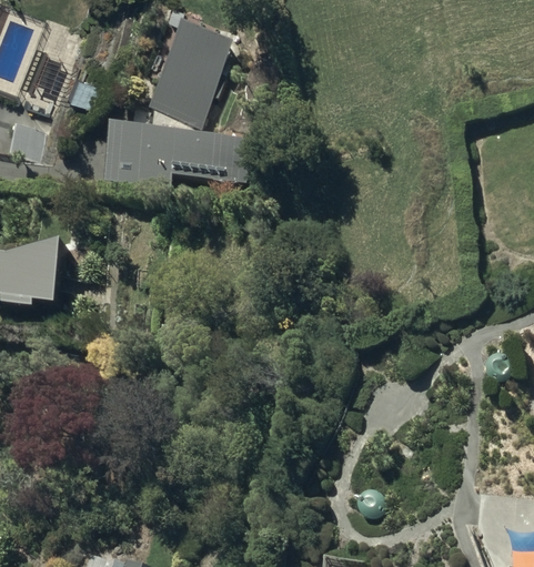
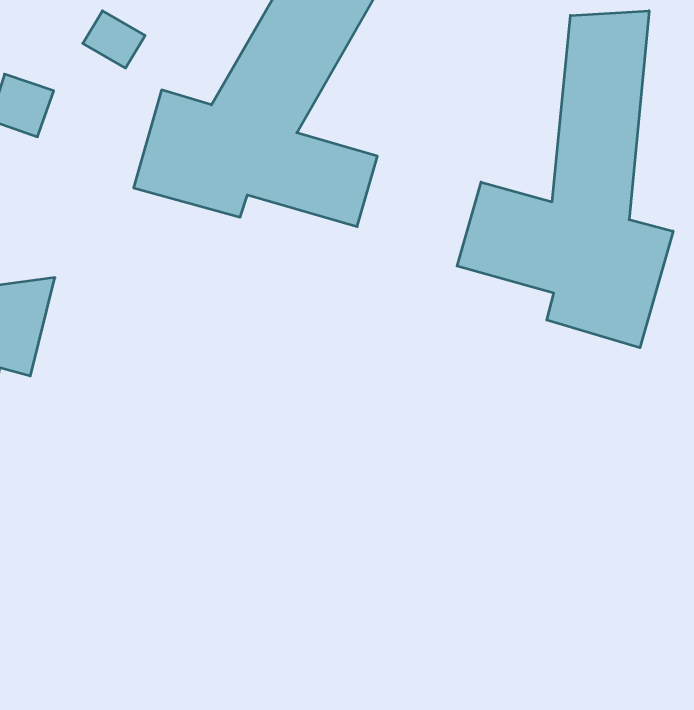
building: none -> [457,11,673,348]

